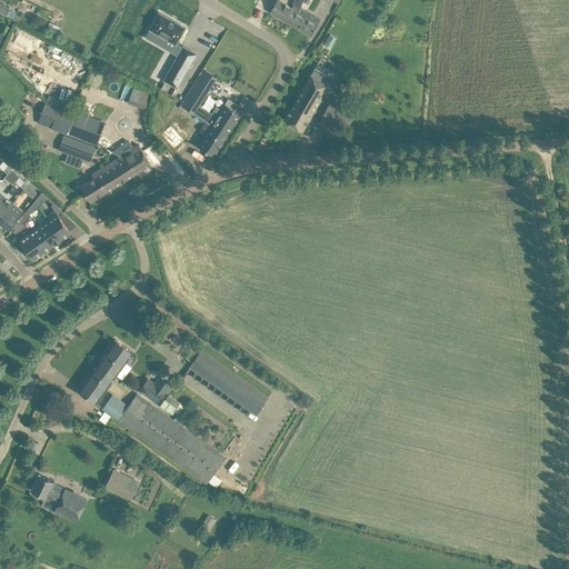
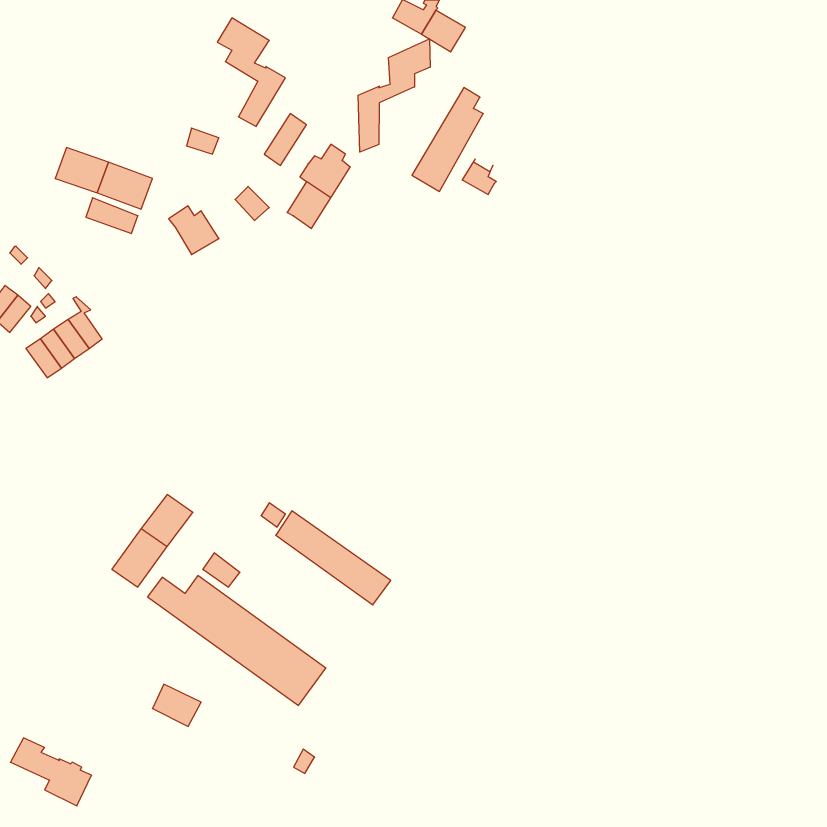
building: none -> [358,39,430,152]
building: [80,157,131,202] -> none
building: [30,475,86,521] -> [10,738,92,806]

